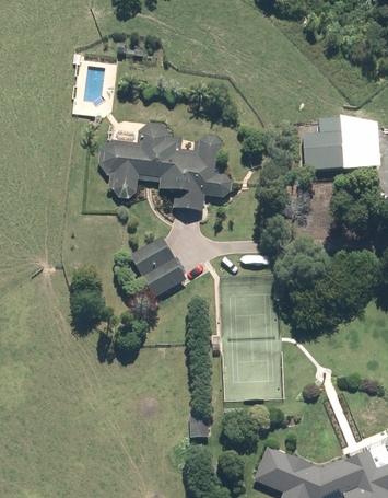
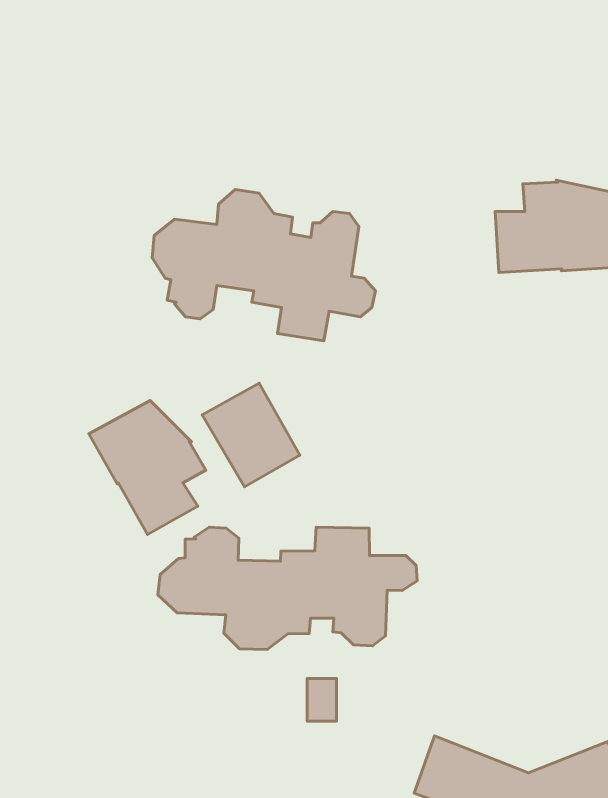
building: none -> [89,400,206,534]
building: none -> [158,527,417,650]

